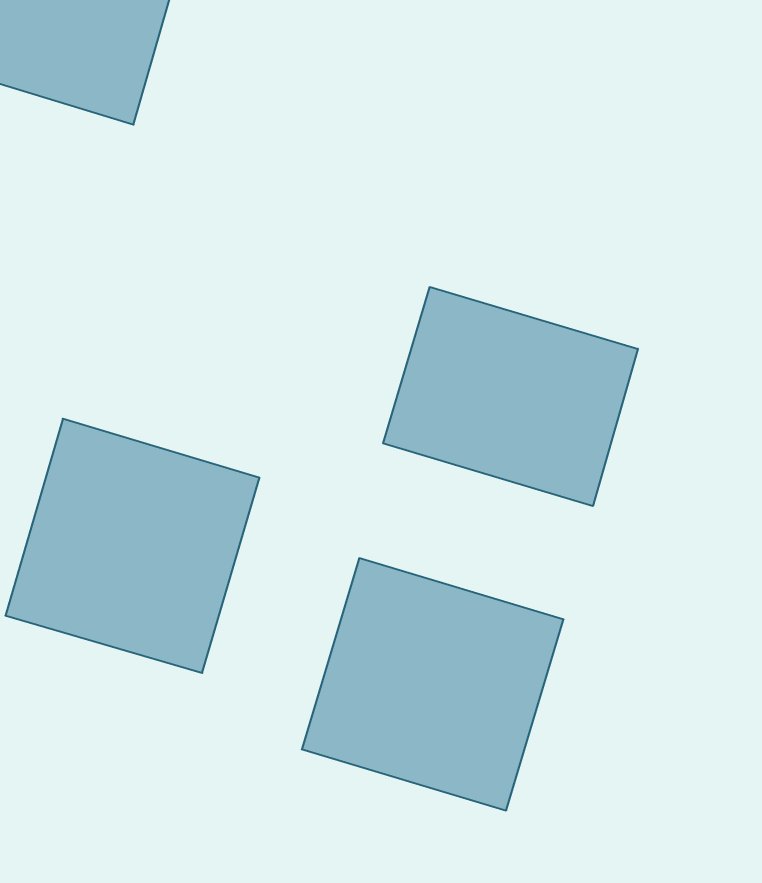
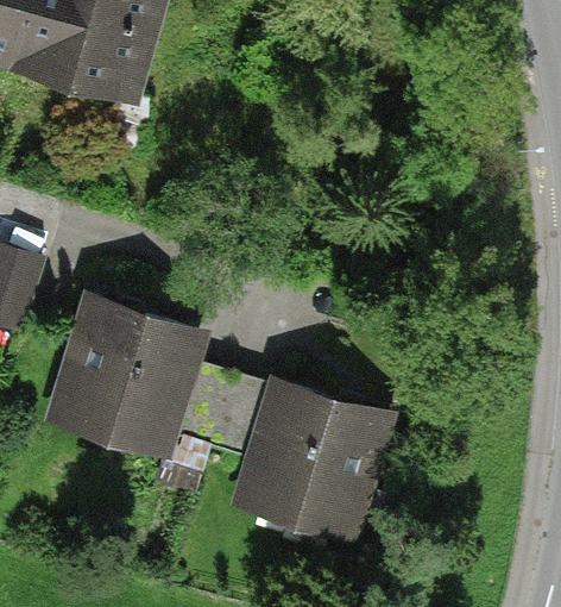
building: [383,287,638,506] -> none

